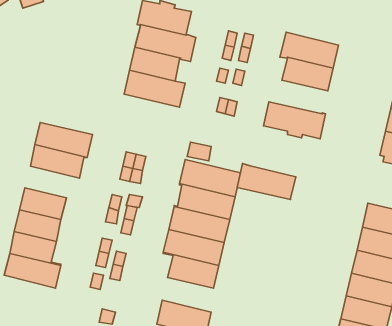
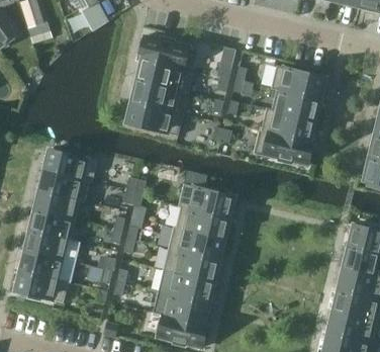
building: [237,164,296,200] -> [261,107,315,141]
building: none -> [34,189,85,218]
building: none -> [162,292,209,325]

